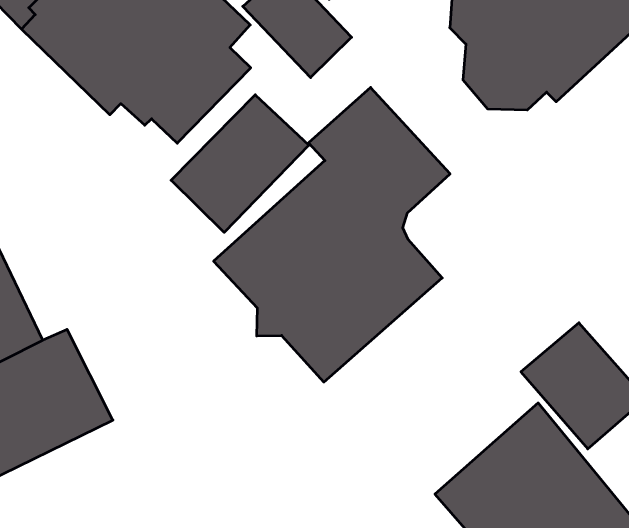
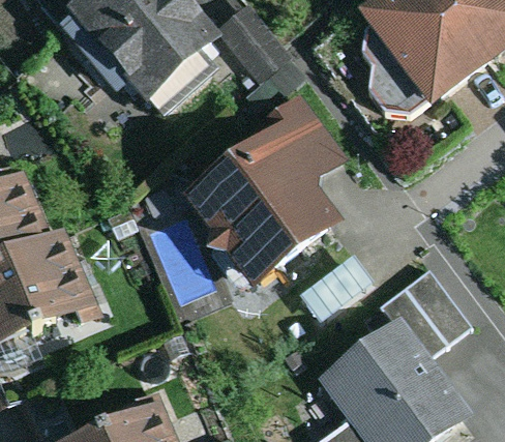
building: [171,95,309,232] -> none

